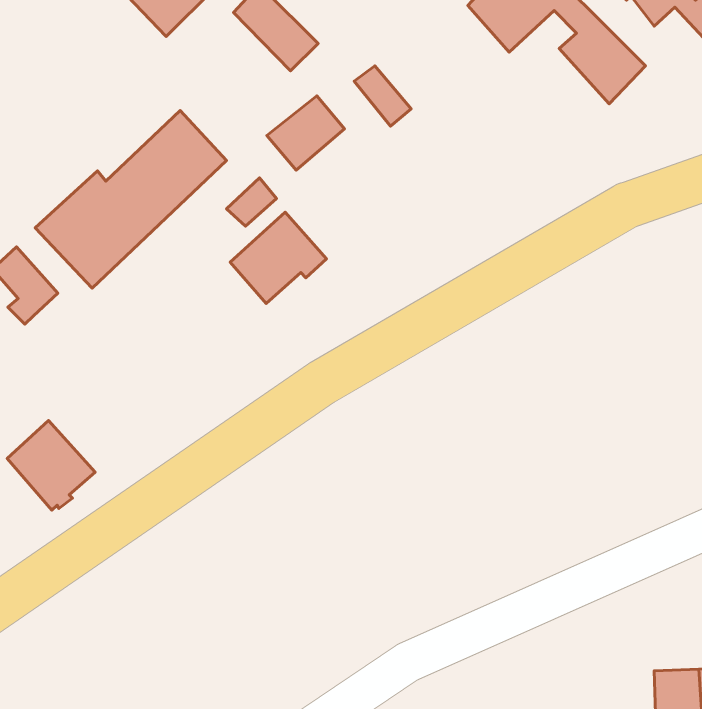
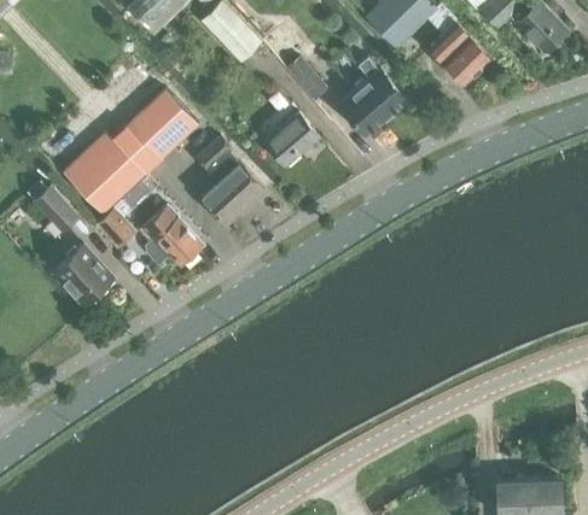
building: none -> [343,57,395,130]
building: [267,96,344,170] -> [264,113,319,165]
building: none -> [140,207,204,267]
building: none -> [95,209,135,247]
building: [7,421,95,510] -> [53,242,115,305]

